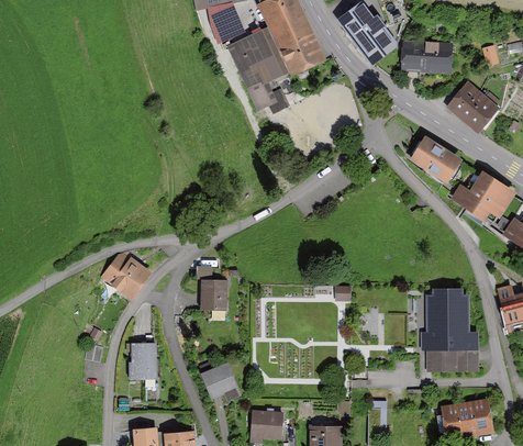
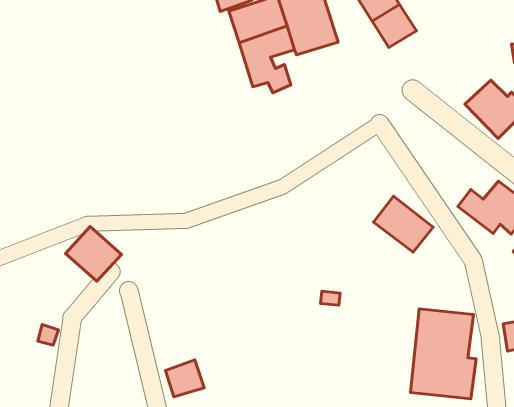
building: [400,41,453,74] -> none
building: [410,135,464,183] -> [374,196,433,252]
building: [201,279,226,309] -> none
building: [129,342,156,377] -> none

